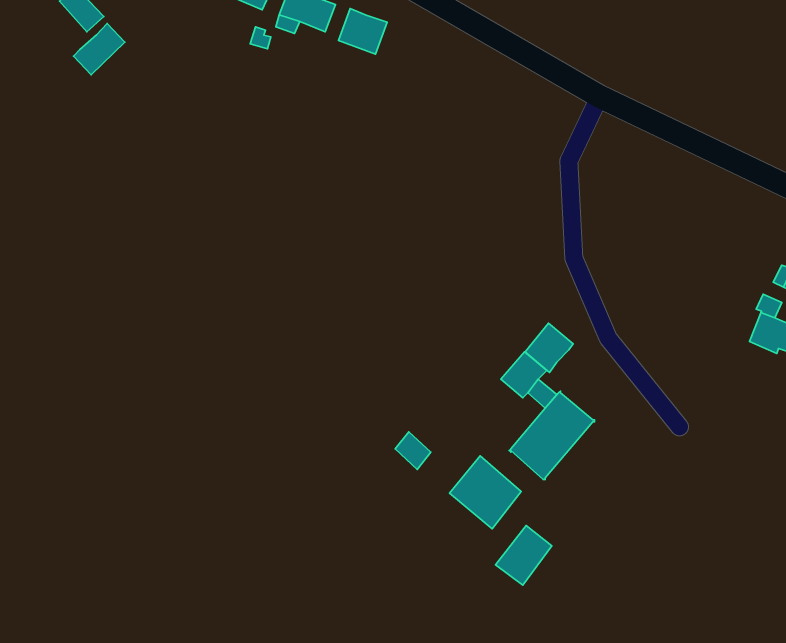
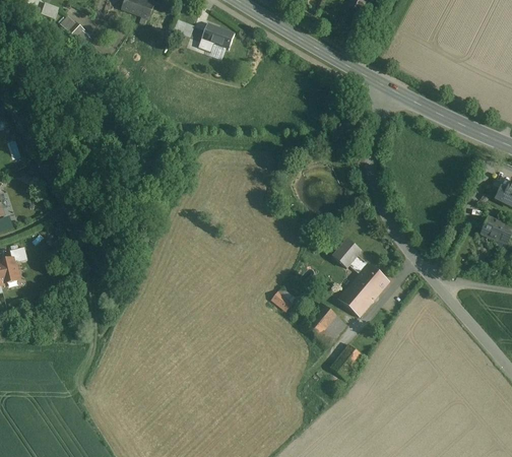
building: [338,8,387,54] -> none
building: [73,24,125,75] -> none
building: [525,323,573,372] -> none

